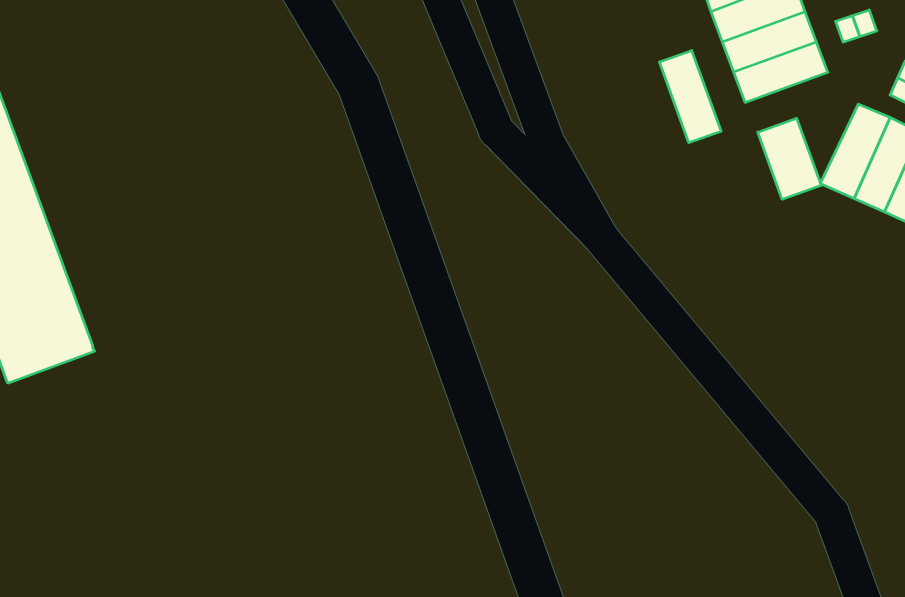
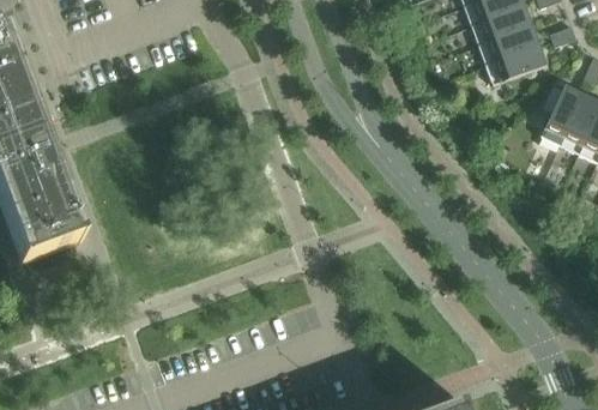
building: [660,50,721,143] -> none
building: [758,118,821,199] -> none

